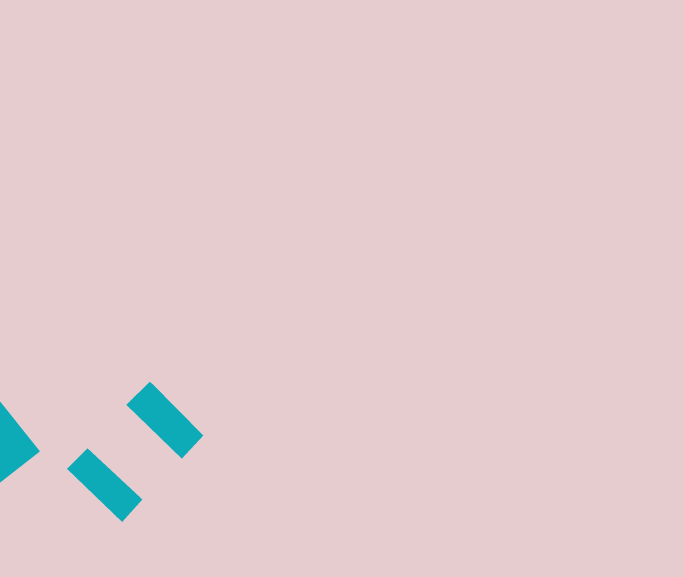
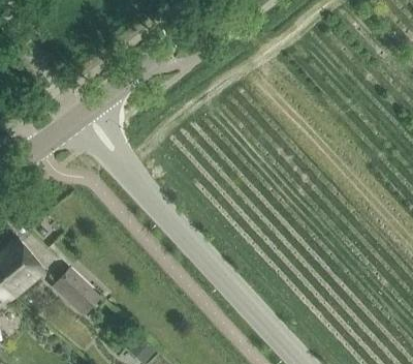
building: [125,381,204,460] -> none

